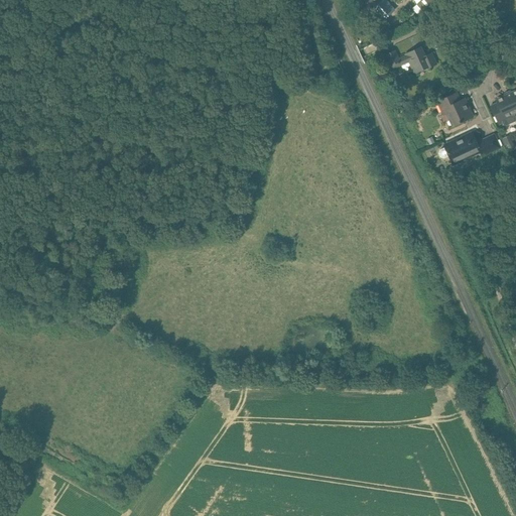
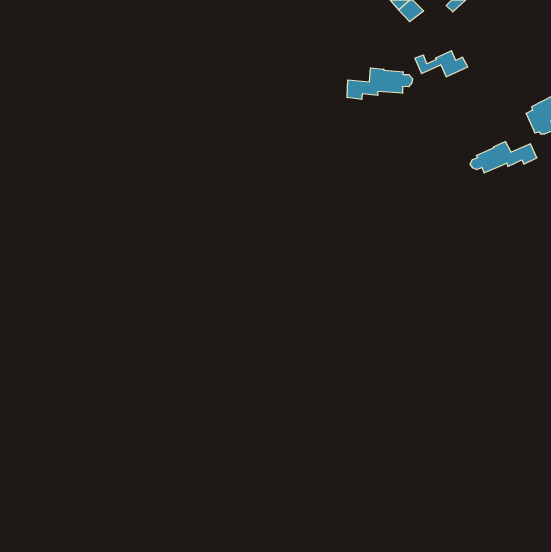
building: none -> [347,68,412,99]
building: [438,93,474,126] -> none

